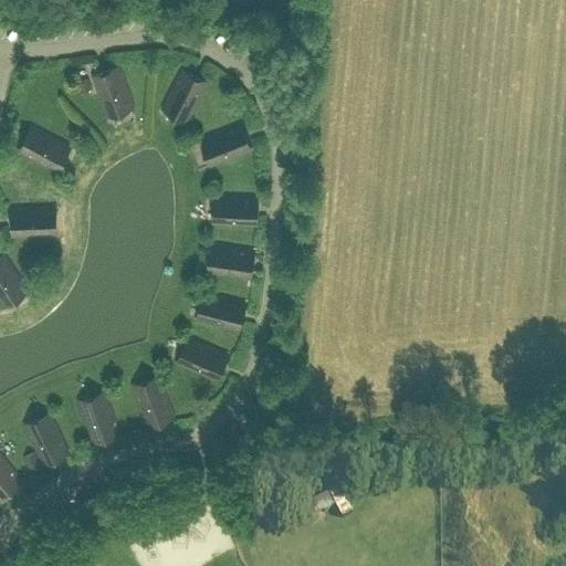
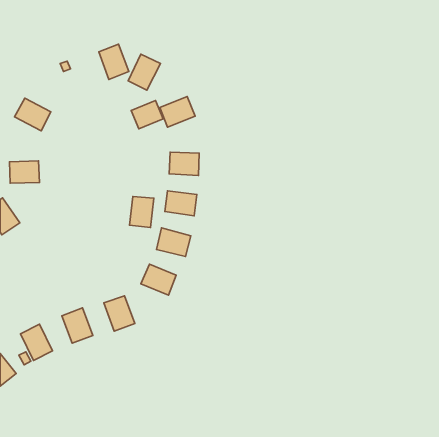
building: [93,70,132,115] -> [99,44,129,79]
building: none -> [131,101,163,129]
building: none -> [130,196,154,228]

